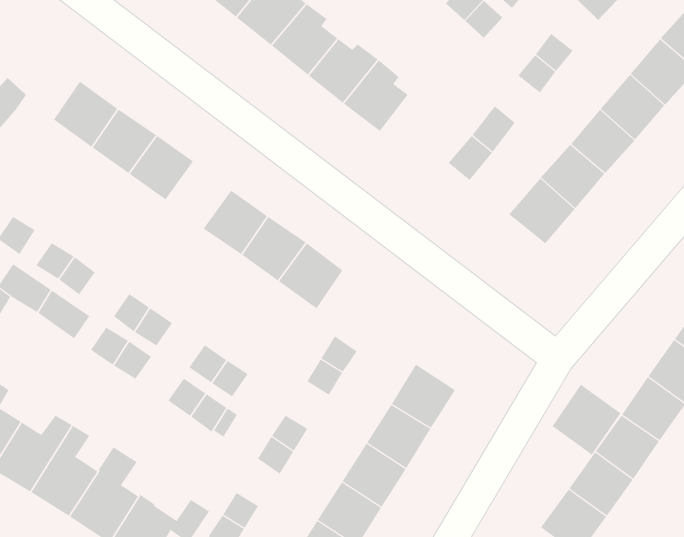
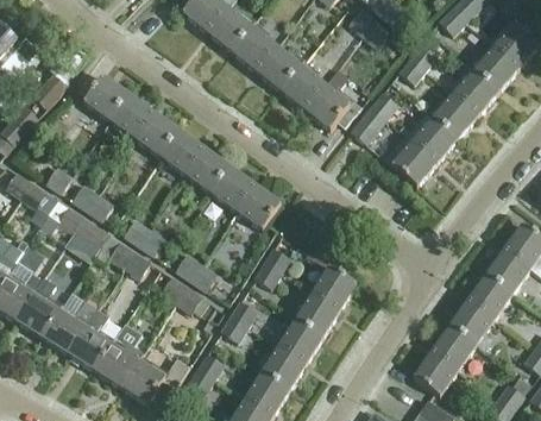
building: none -> [304,84,360,130]
building: none -> [159,130,203,175]
building: [552,384,621,456] -> none

